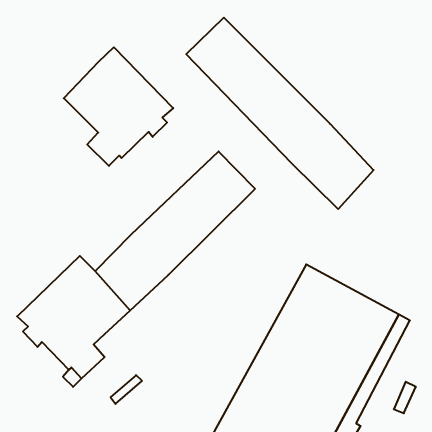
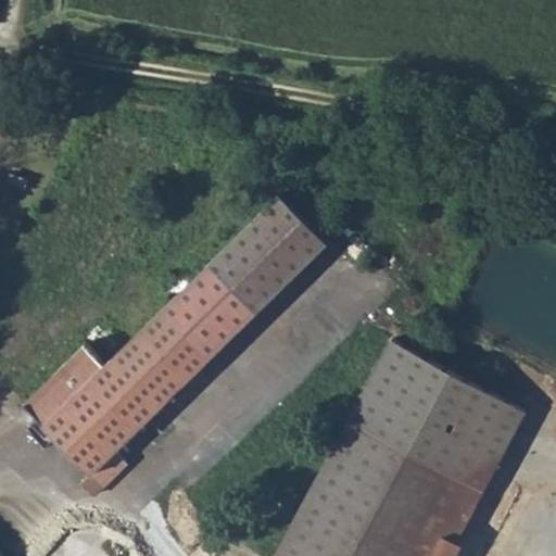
building: [186,18,374,209] -> none
building: [64,47,173,166] -> none

